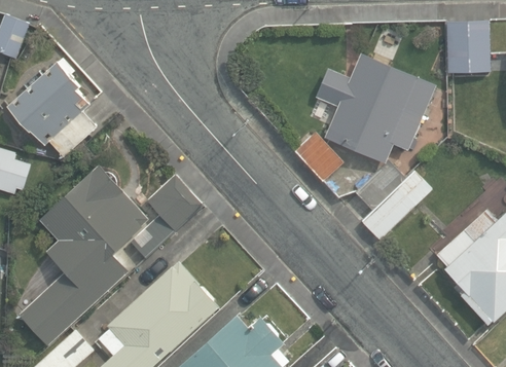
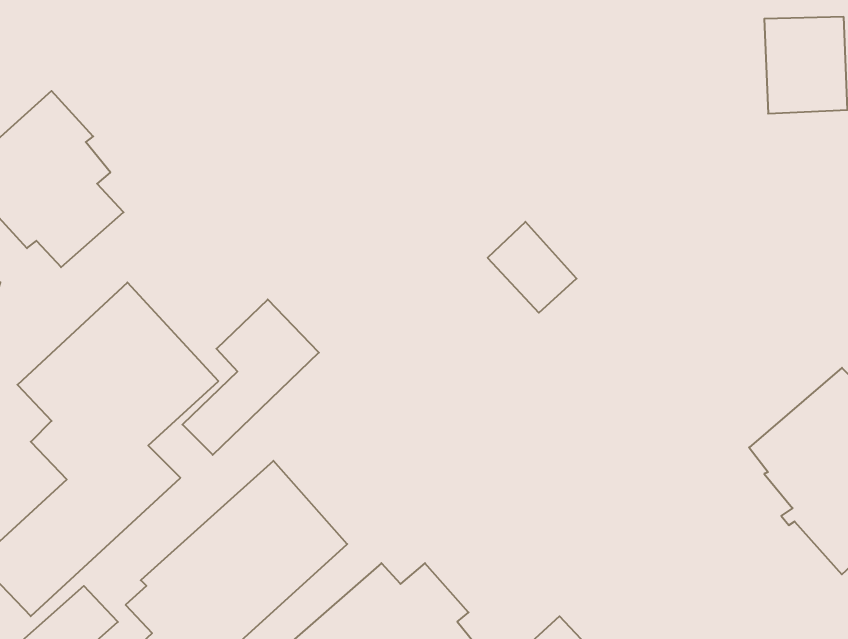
building: [316,53,435,242] -> none

